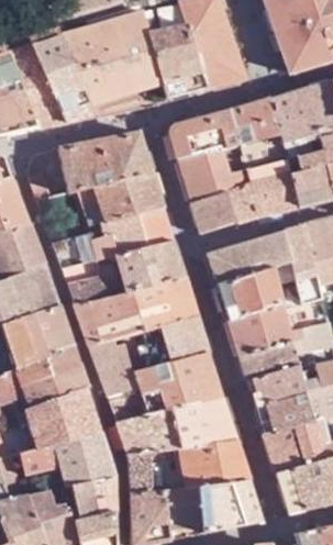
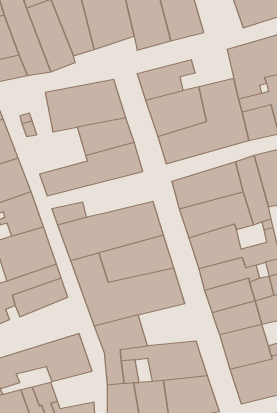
building: [231,98,280,142] -> none
building: [109,241,186,290] -> none
building: [23,388,99,449] -> none
building: [168,396,236,445] -> none
building: [66,475,116,519] -> none

